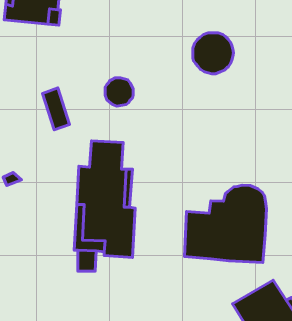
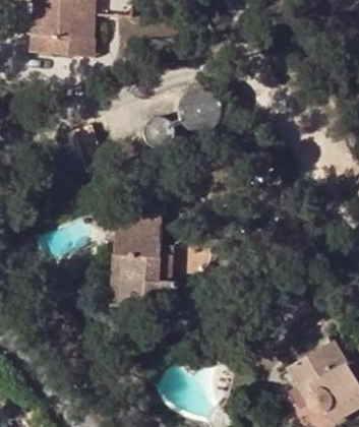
building: [193,33,234,74] -> [178,85,224,131]
building: [184,185,267,263] -> none

